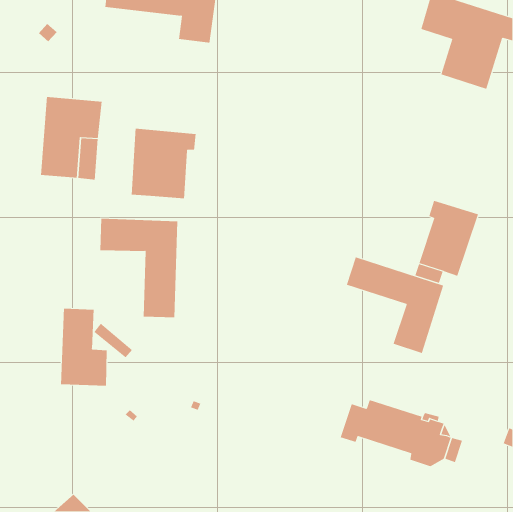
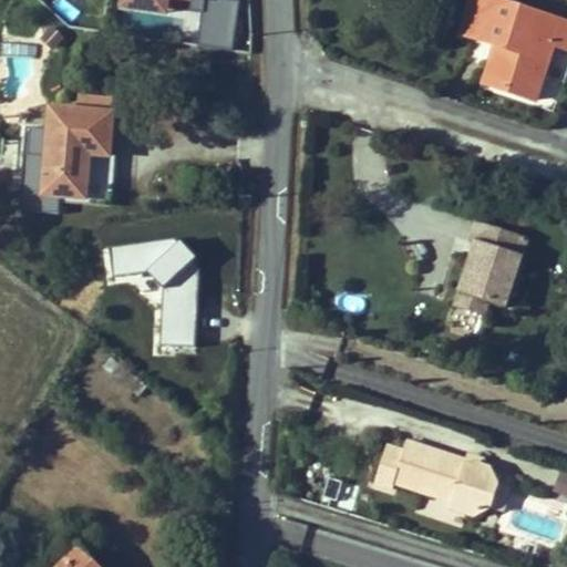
building: [131,128,196,199] -> none
building: [346,257,444,354] -> none
building: [60,308,107,386] -> none

